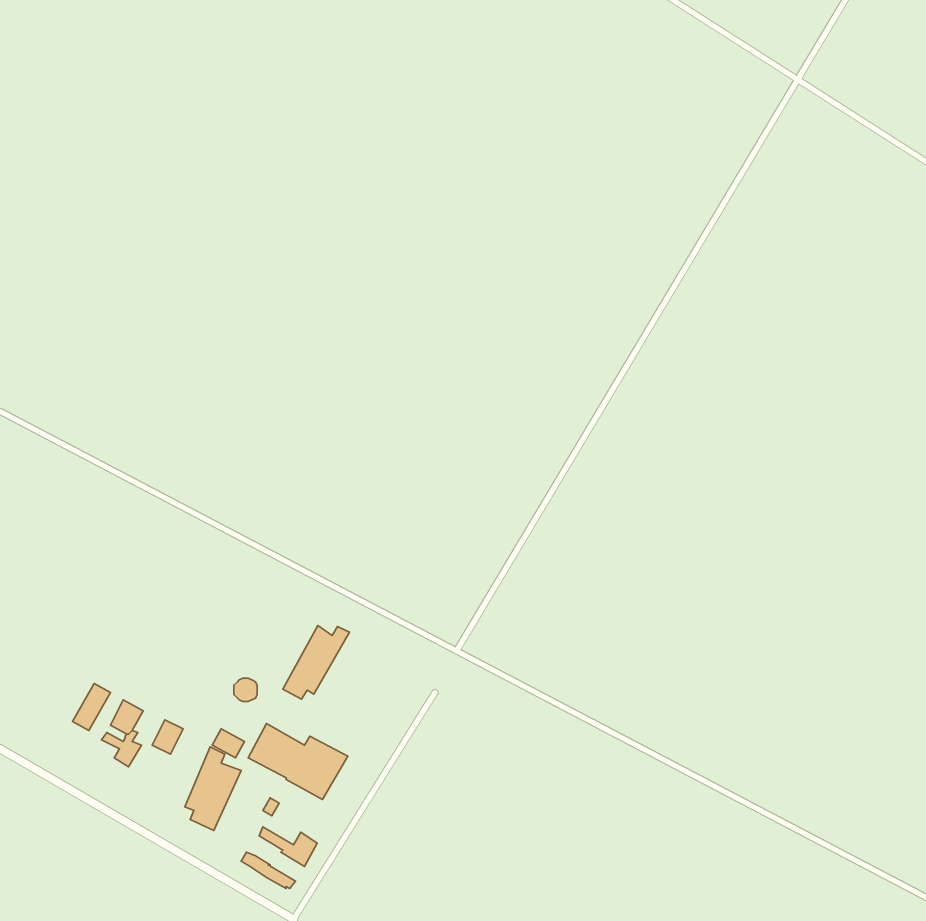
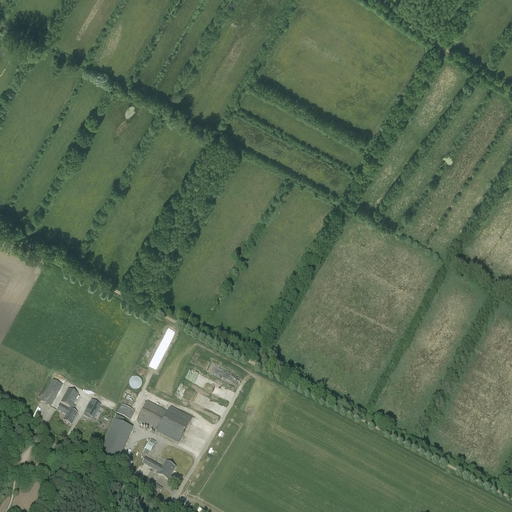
building: [283,626,350,699] -> none

